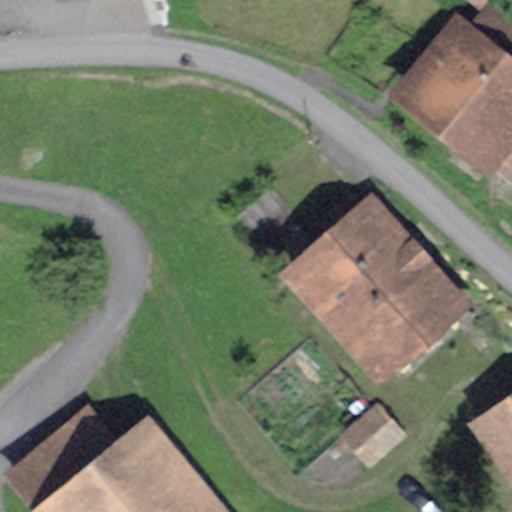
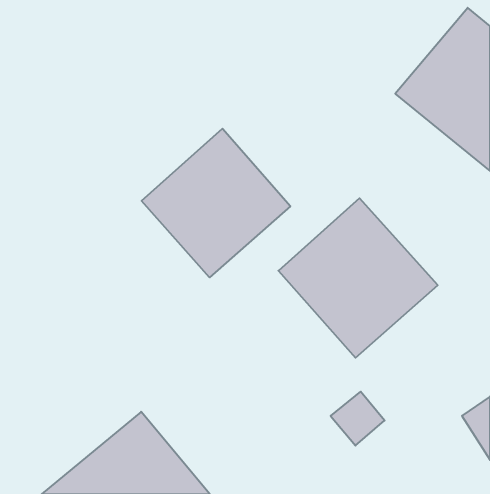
building: none -> [142,129,290,277]

